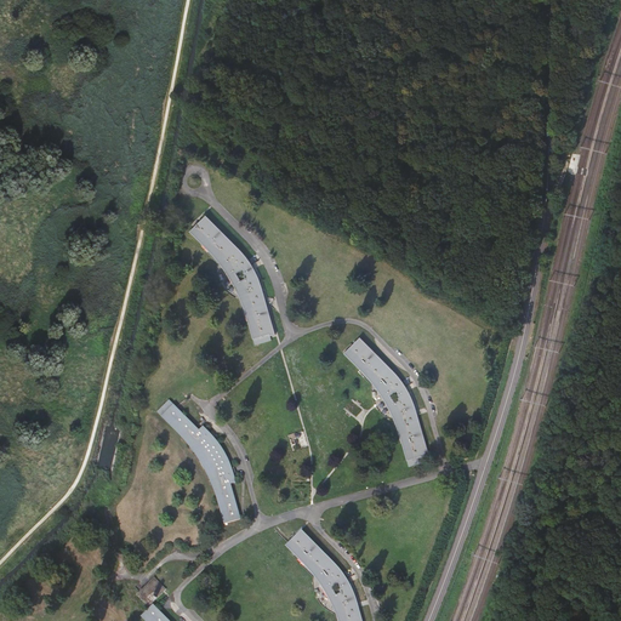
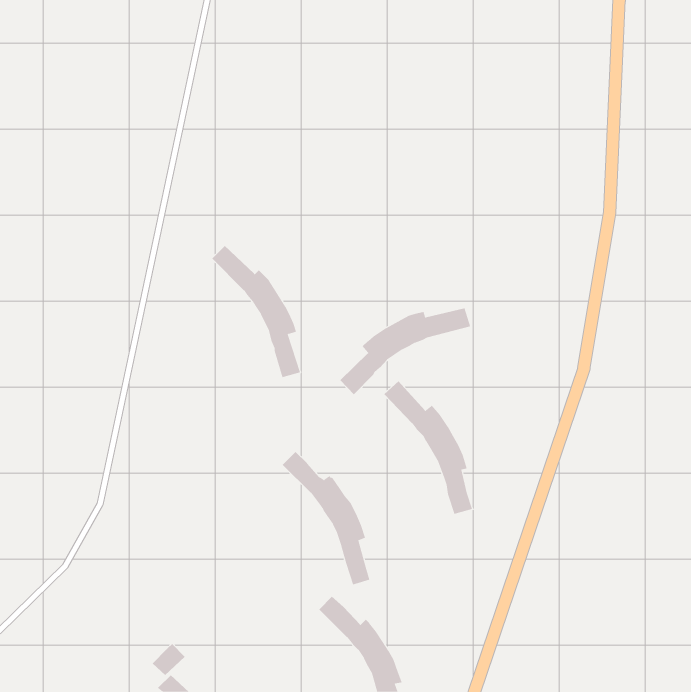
building: none -> [340,307,471,395]
building: [161,404,240,524] -> [282,451,370,585]

